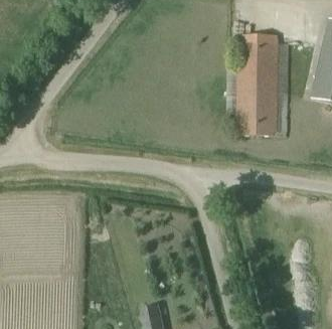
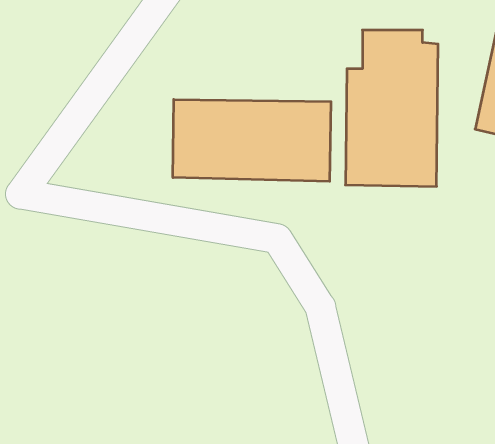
building: none -> [173,99,331,181]

